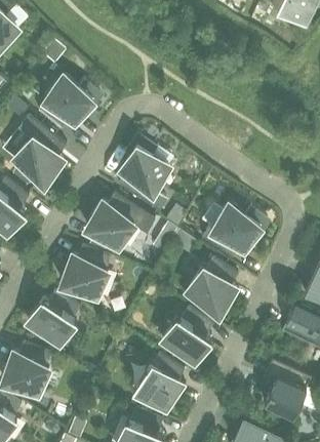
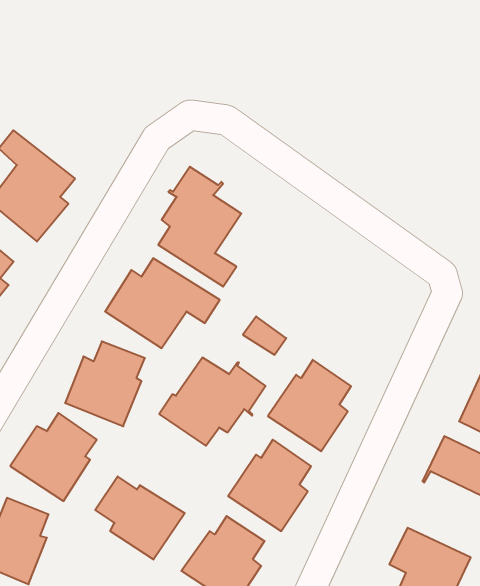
building: [38,79,99,133] -> none
building: [201,208,267,263] -> [159,358,266,446]
building: none -> [95,476,185,560]

